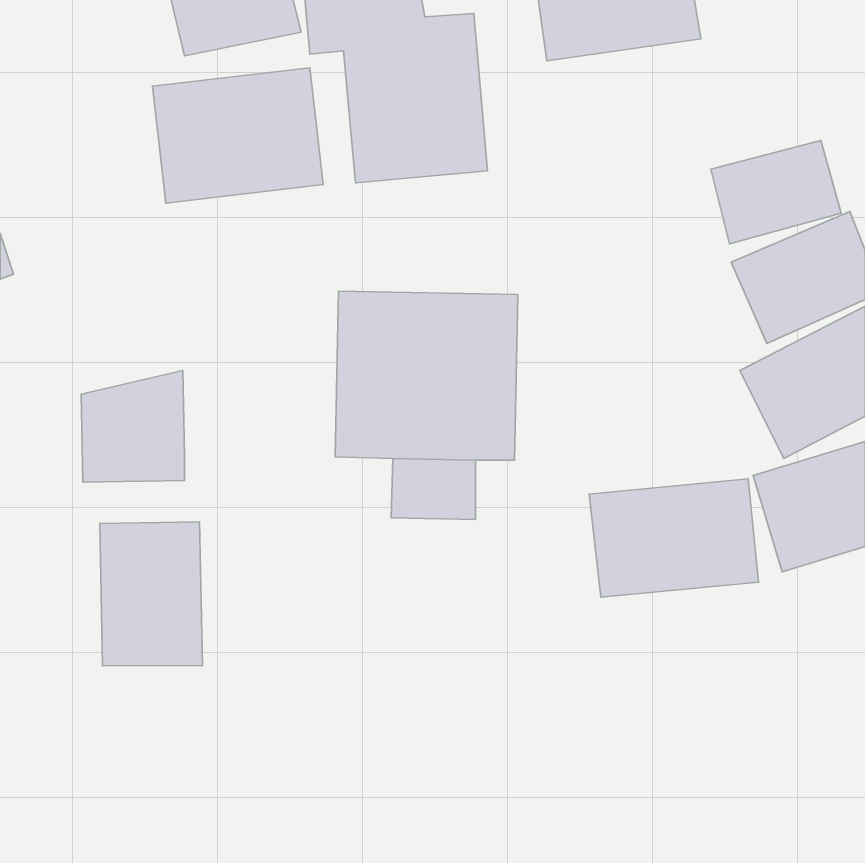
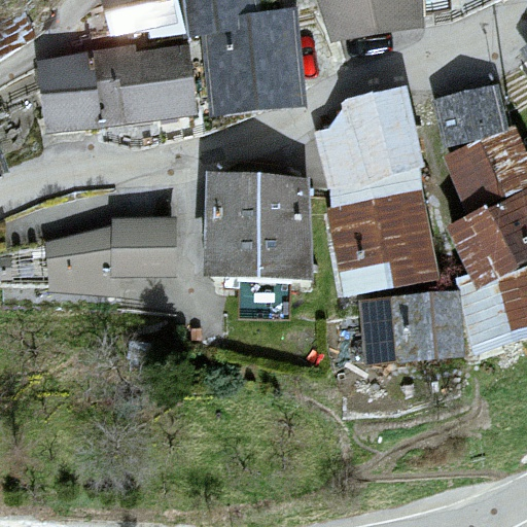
building: none -> [37,52,101,130]
building: none -> [316,86,422,188]
building: none -> [327,189,440,292]
building: none -> [111,217,176,277]
building: [100,522,203,666] -> none

